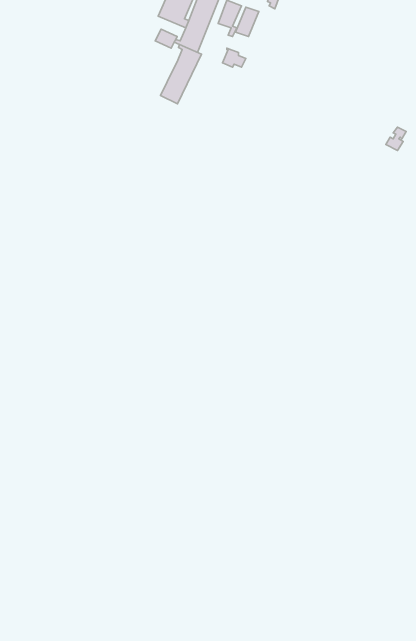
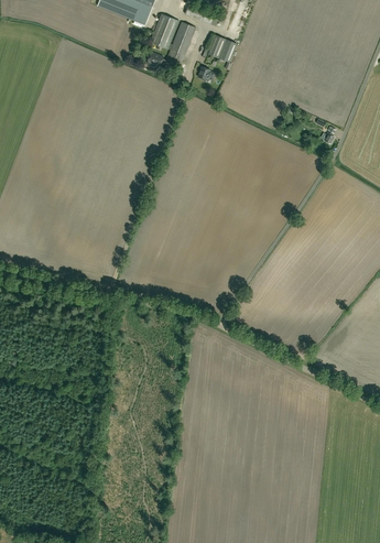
building: [160,45,201,104] -> none

